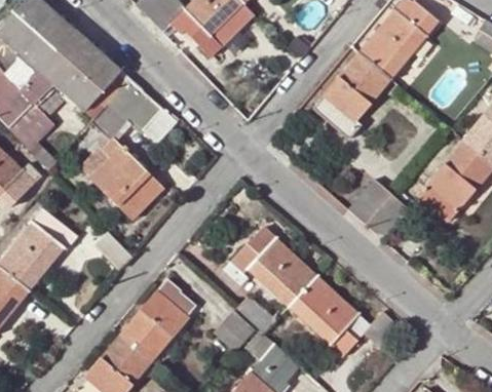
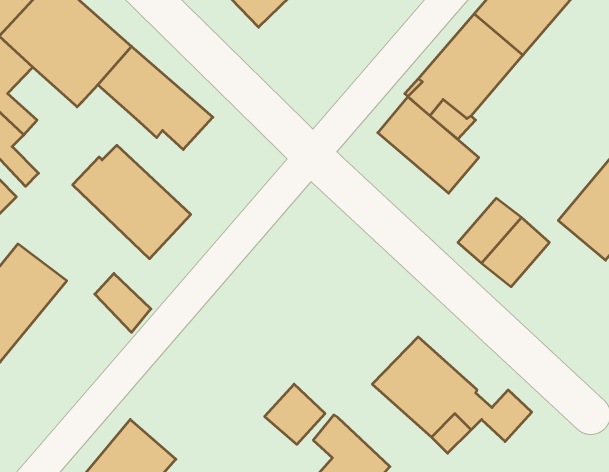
building: [85,99,125,141] -> none
building: none -> [378,97,479,193]
building: [232,226,319,330] -> none
building: [119,276,196,359] -> none

